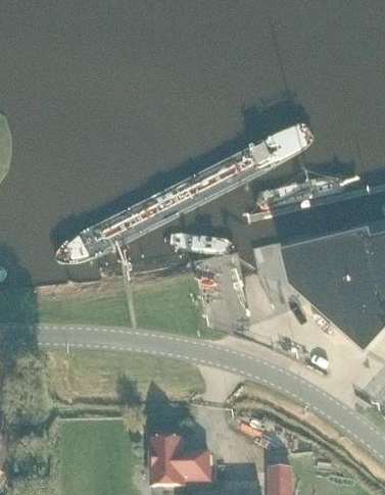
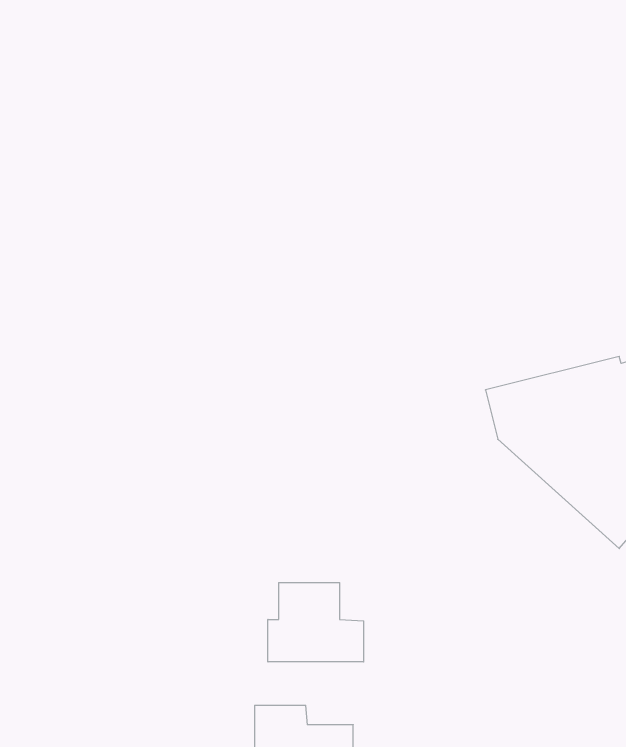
building: none -> [268,583,364,662]

